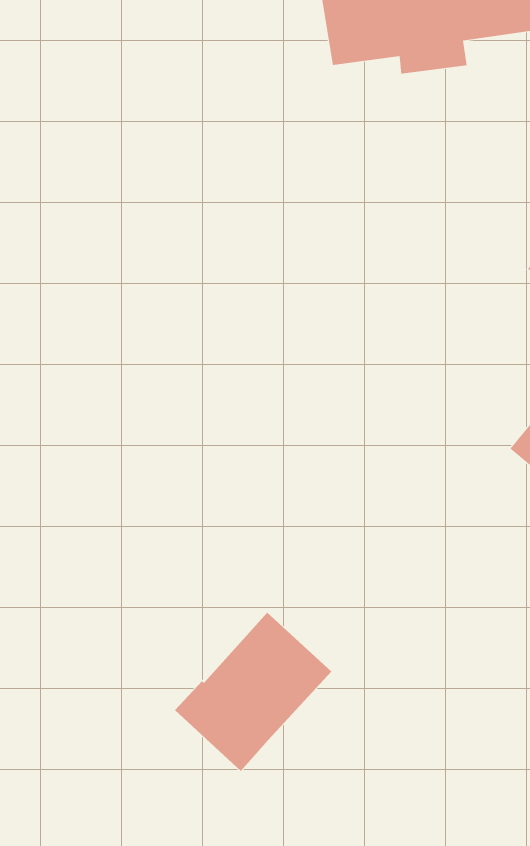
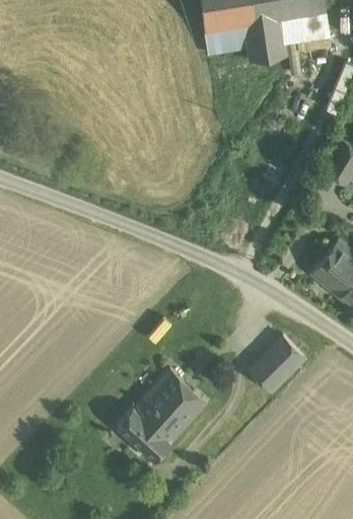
building: none -> [248,336,301,389]

